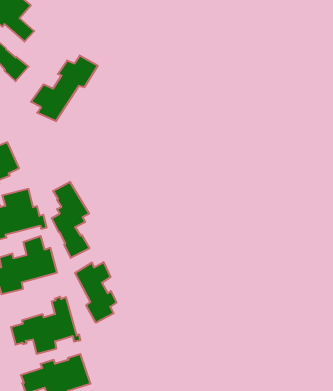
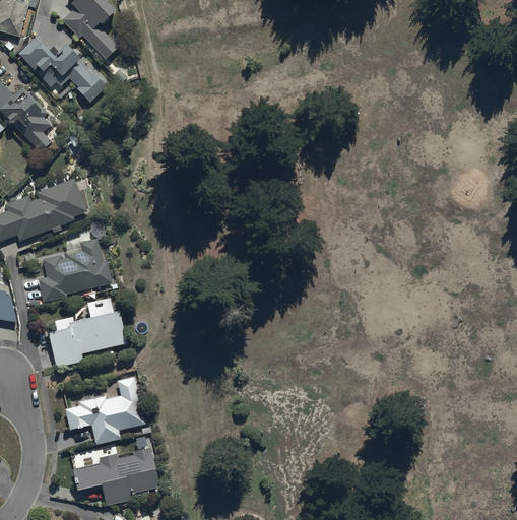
building: [31,55,98,121] -> none
building: [52,182,89,258] -> none
building: [75,262,116,323] -> none

